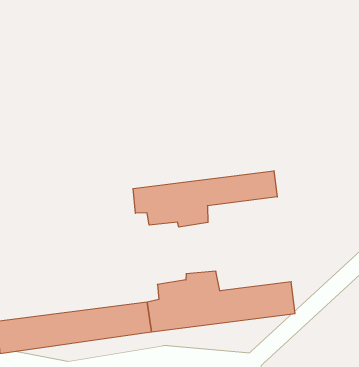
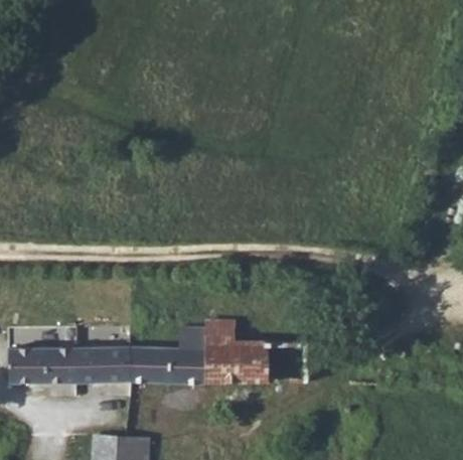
building: [133,171,277,227] -> none

